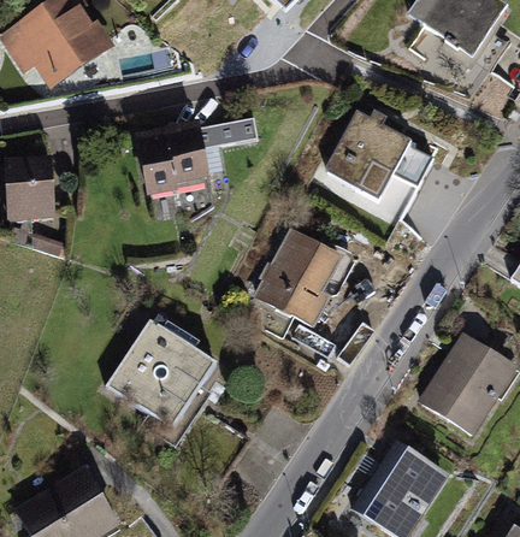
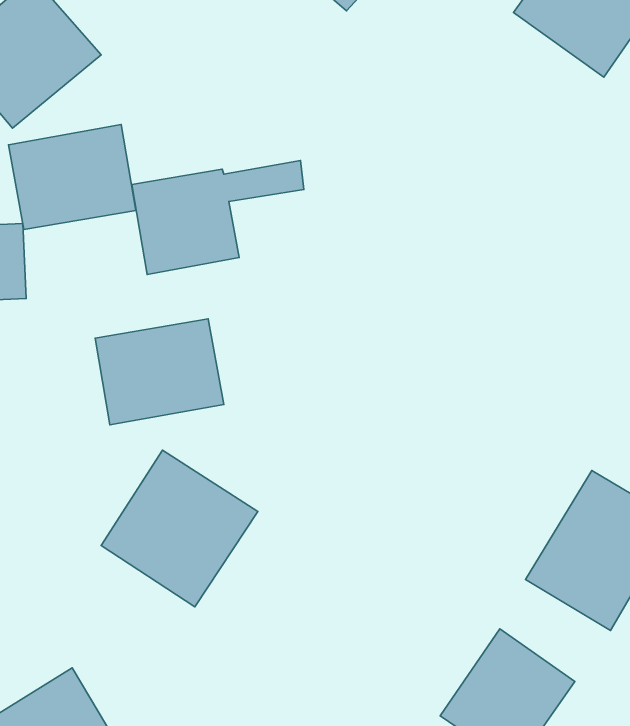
building: none -> [8,124,136,229]
building: [320,104,445,216] -> none
building: none -> [95,319,224,425]
building: [253,228,355,327] -> none

